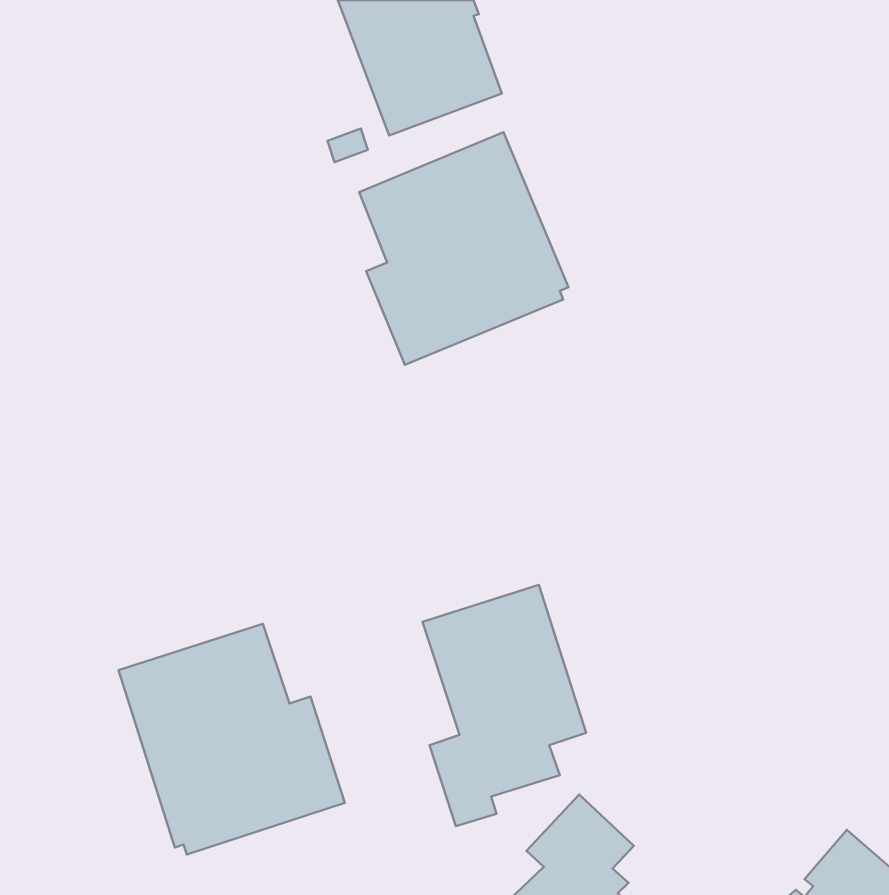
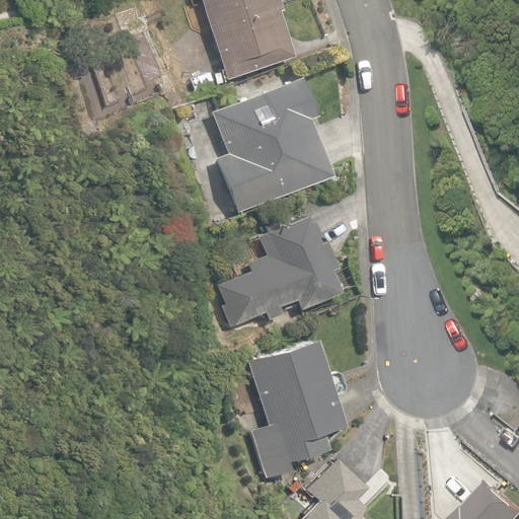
building: none -> [220,216,340,327]
building: [119,624,345,854] -> none

